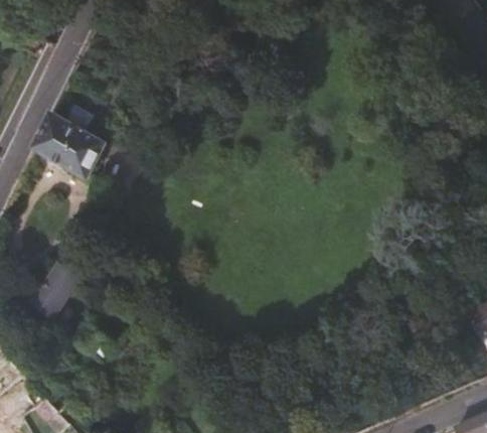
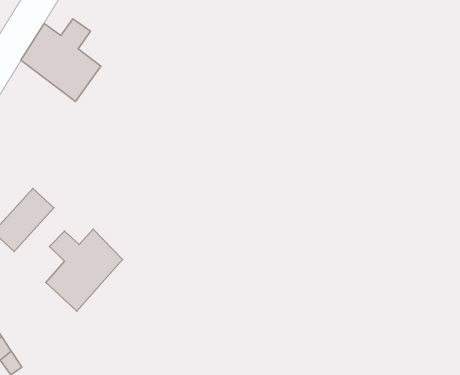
building: none -> [46,229,122,311]

